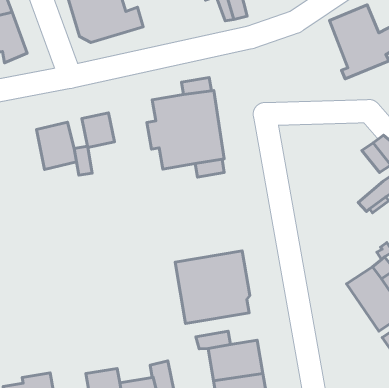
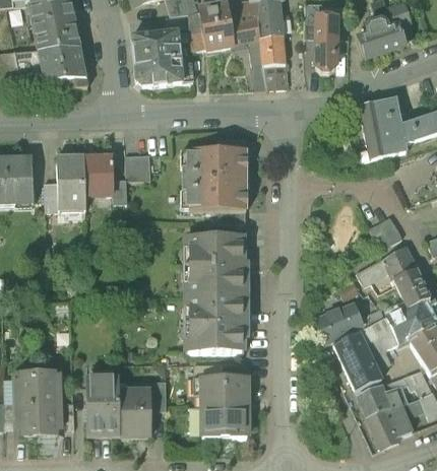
building: none -> [58,156,84,204]
building: none -> [185,236,247,294]
building: none -> [313,299,365,343]

